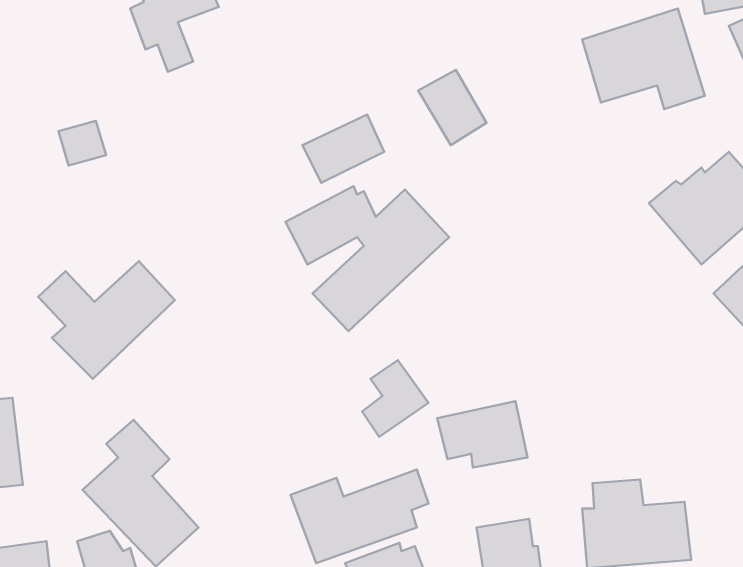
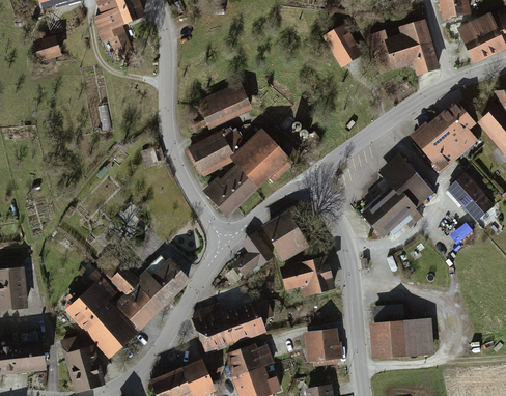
building: [418,70,487,145] -> [322,24,364,69]
building: [58,121,106,165] -> [33,35,62,62]
building: none -> [361,153,433,246]
building: [38,261,175,379] -> [108,257,191,329]
building: none -> [262,210,309,262]

